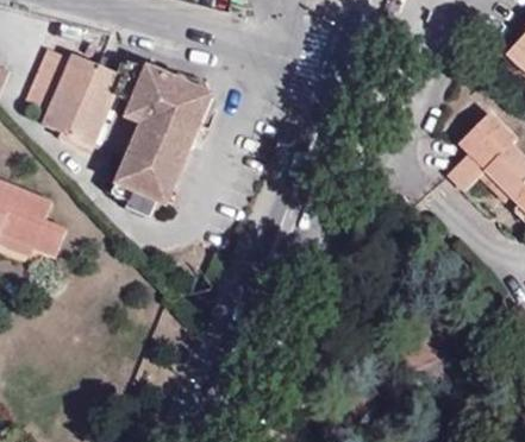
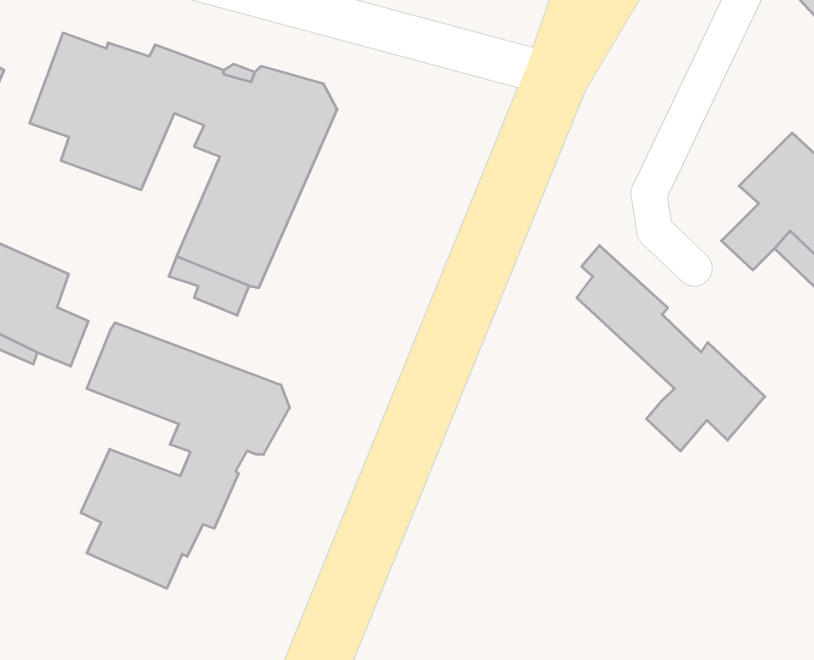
building: none -> [577,245,765,451]
building: none -> [81,323,290,588]

